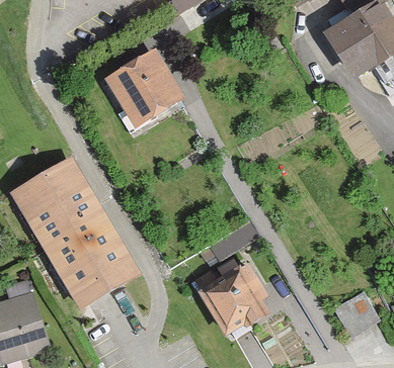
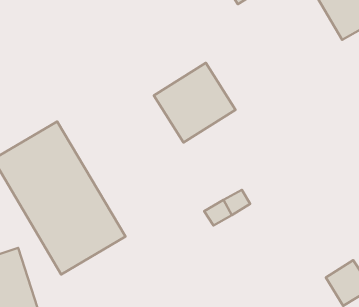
building: [101,45,182,124] -> [154,63,236,142]
building: [192,262,268,333] -> none

